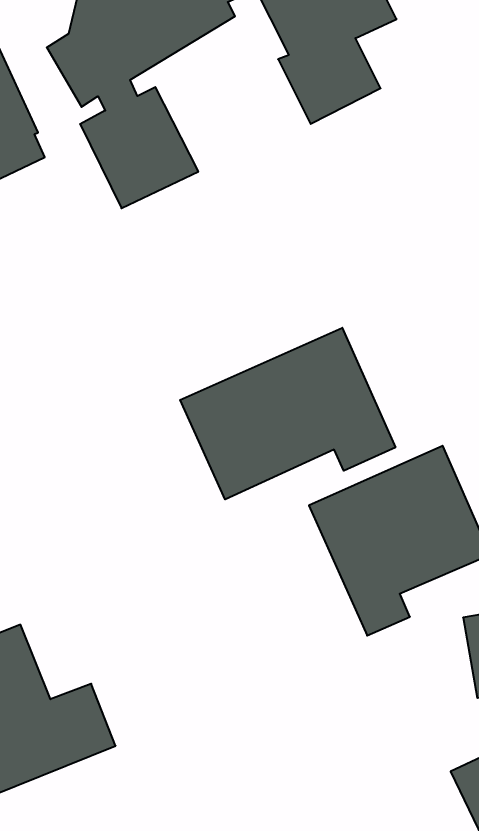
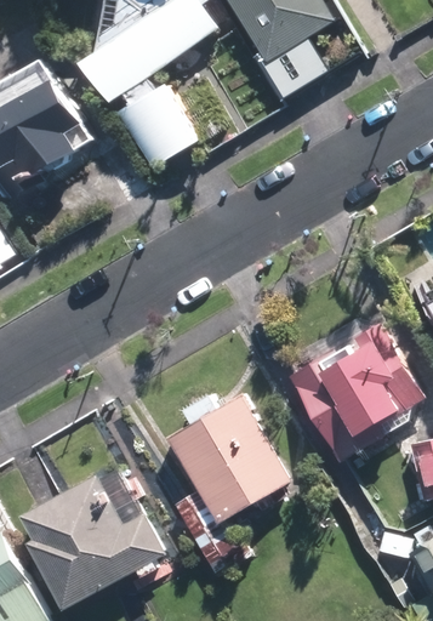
building: [180,328,395,499] -> none
building: none -> [165,393,290,522]

